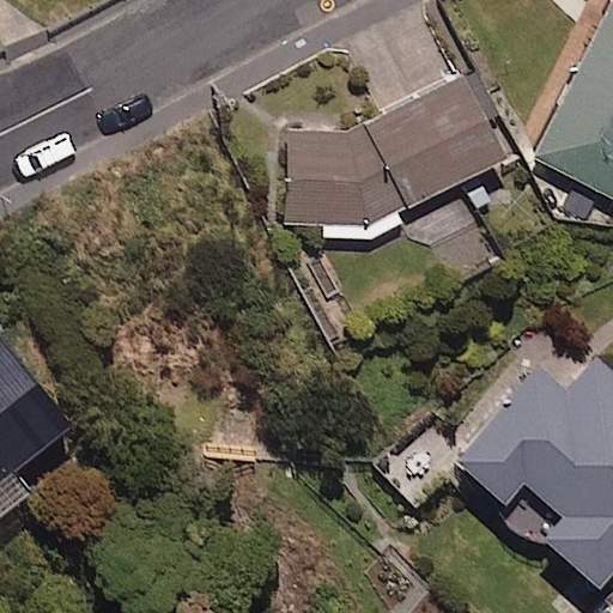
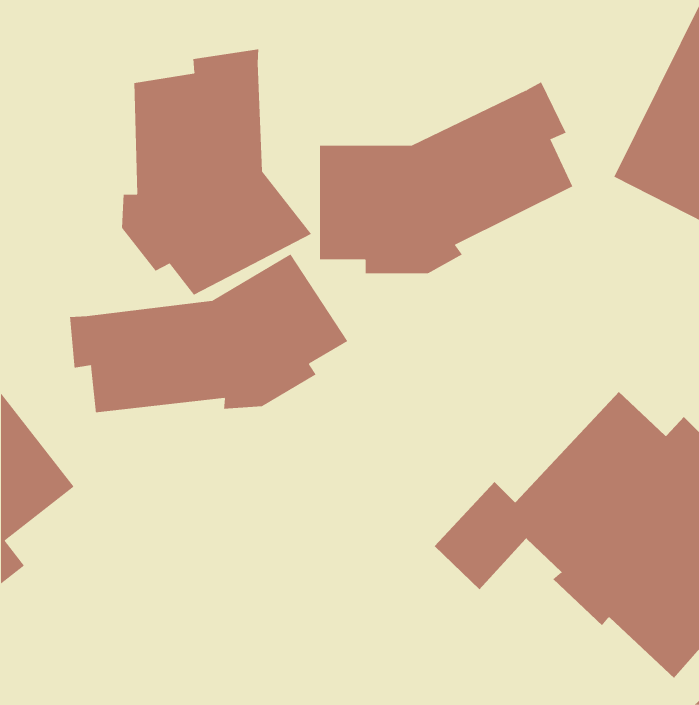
building: none -> [122,48,312,295]
building: none -> [70,253,348,413]

